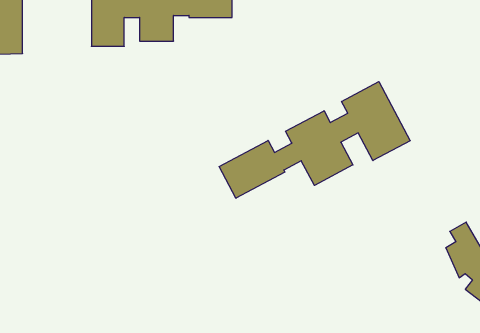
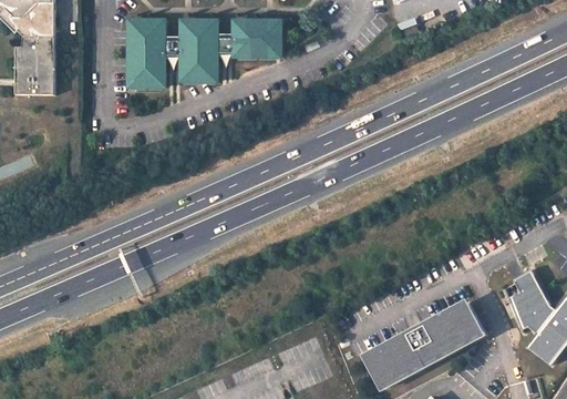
building: [219,82,410,198] -> none
building: none -> [365,303,486,389]

